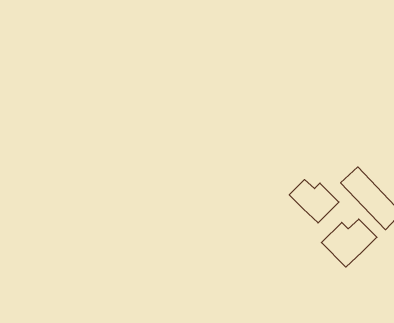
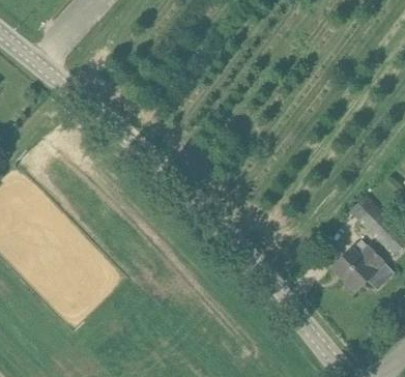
building: [289,180,339,223] -> none

